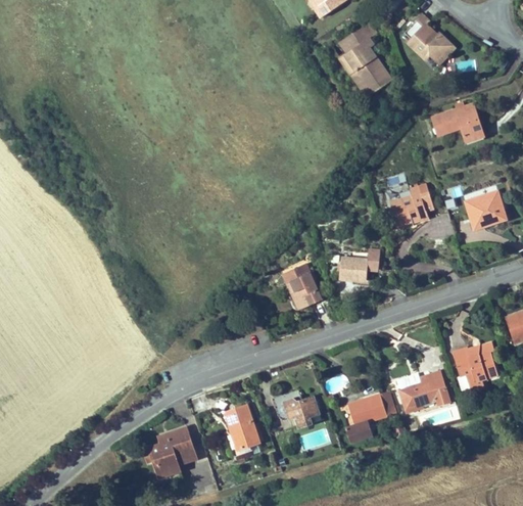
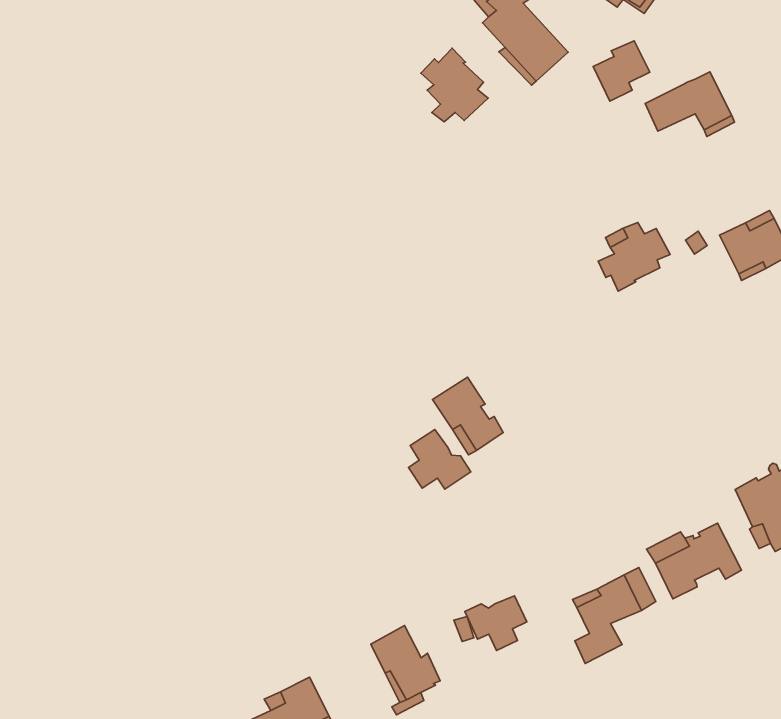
building: none -> [421,48,488,122]
building: none -> [593,41,650,101]
building: [340,249,379,281] -> none
building: none -> [409,430,471,489]

